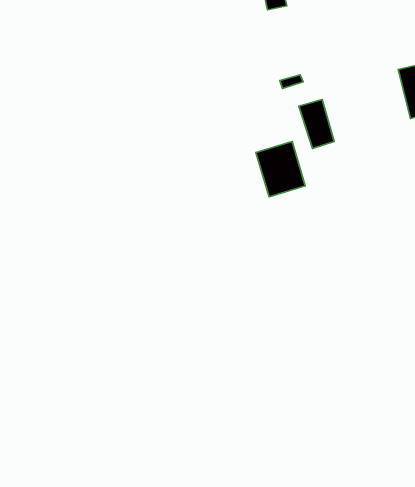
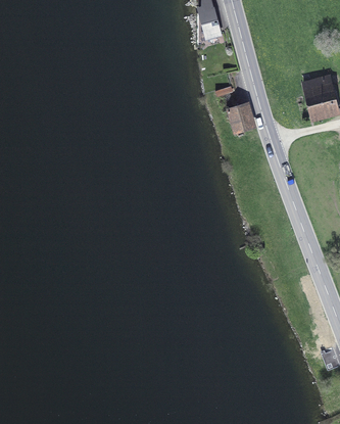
building: [256,141,305,197] -> none

